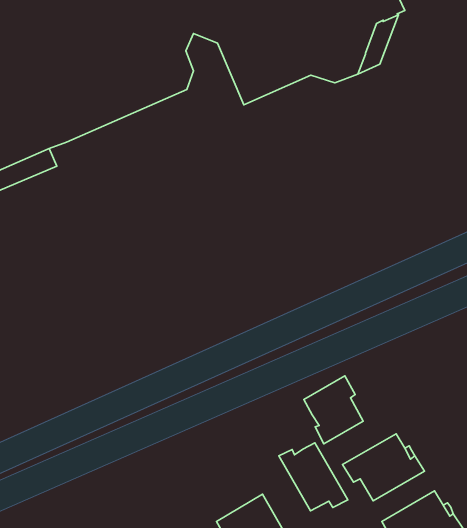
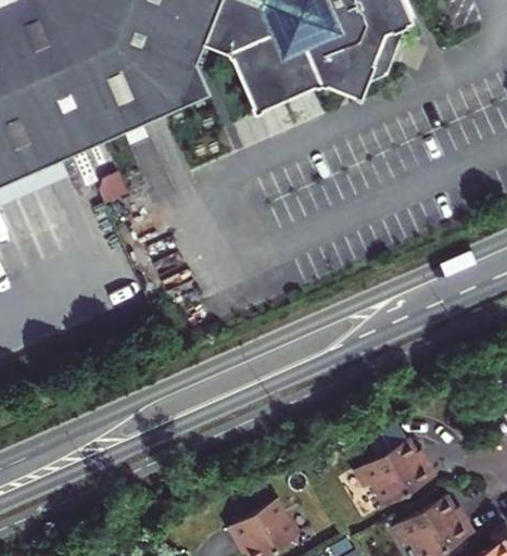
building: [304,376,363,444] -> none
building: [279,443,348,511] -> none

